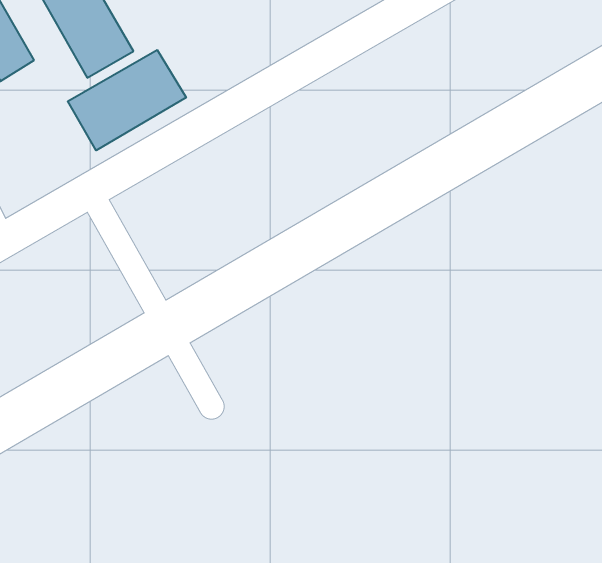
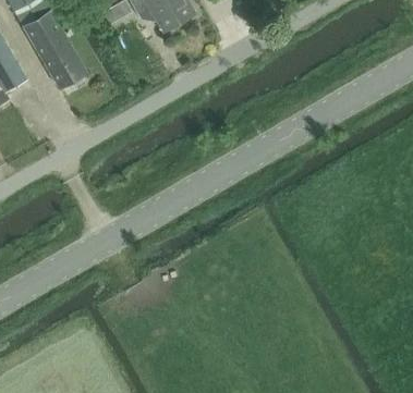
building: [68,50,186,150] -> none

